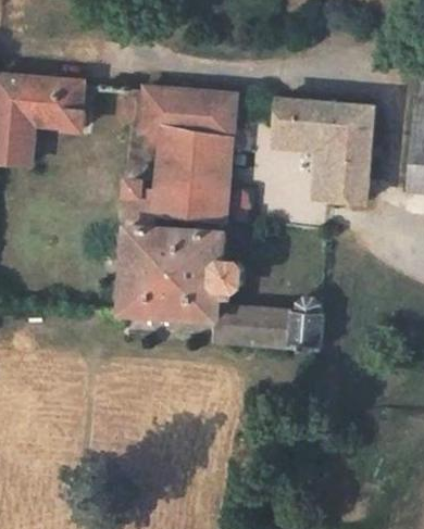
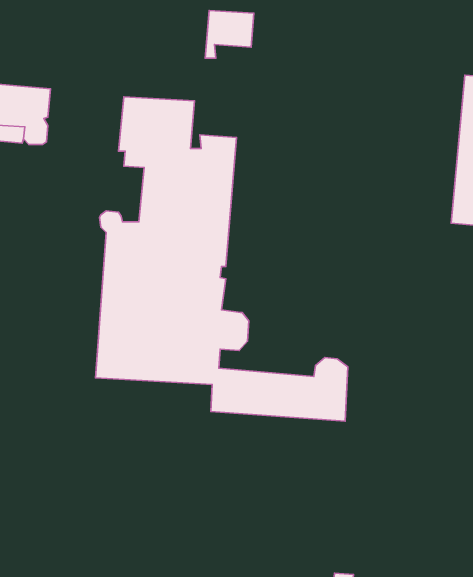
building: [195,92,234,130] -> [205,11,254,58]
building: [274,98,372,201] -> none

